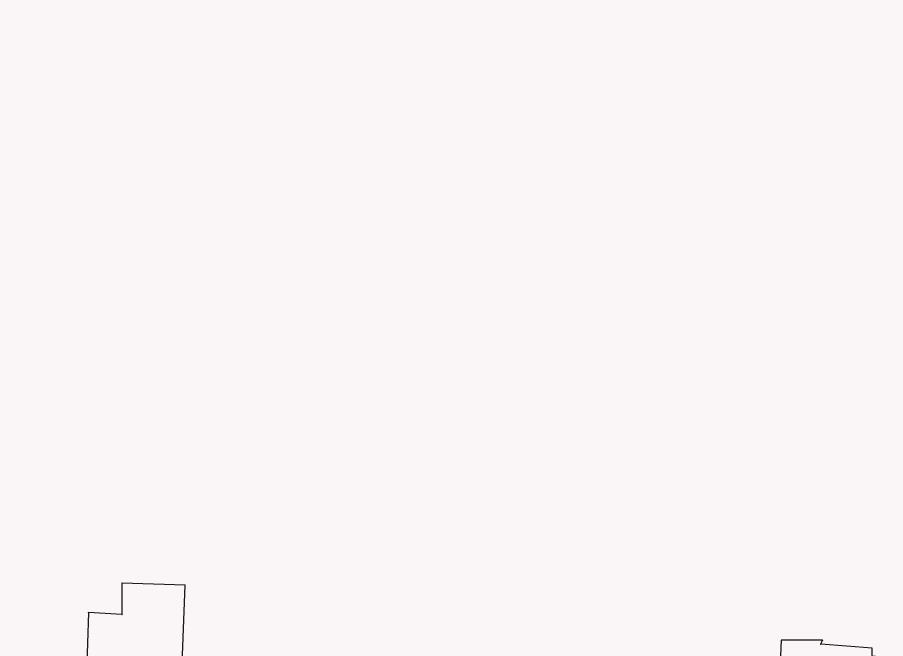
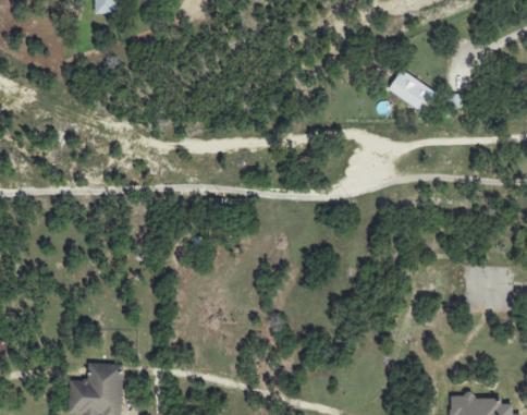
building: none -> [388,70,437,112]

